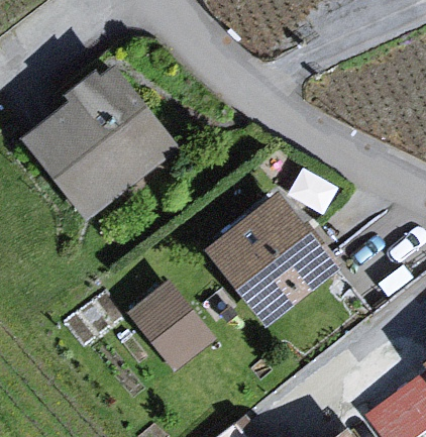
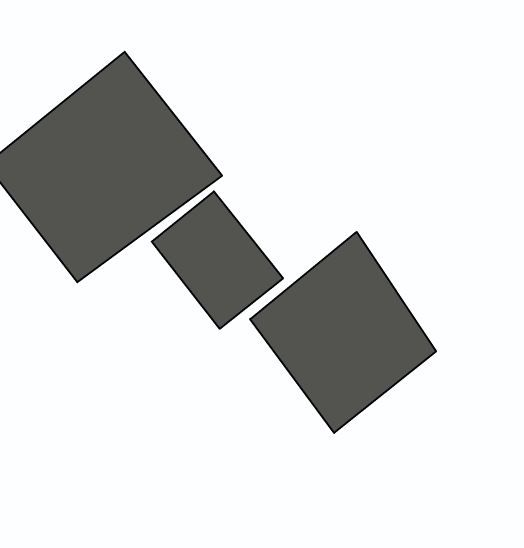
building: [133,268,223,362] -> [152,191,283,329]

